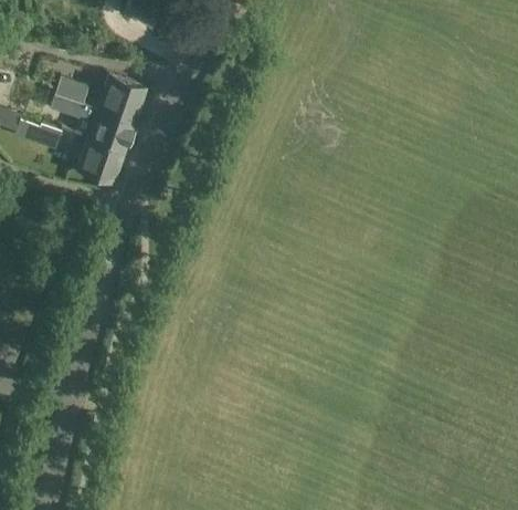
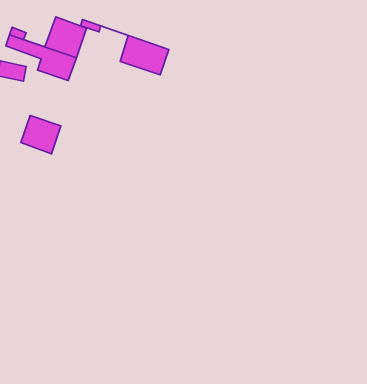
building: none -> [81,19,169,75]
building: [76,135,124,180] -> [21,116,61,154]

